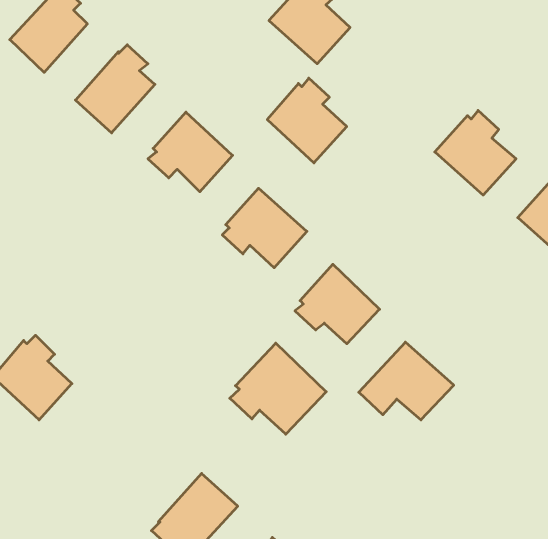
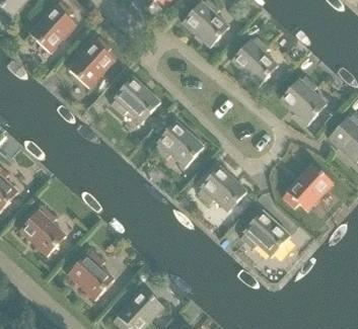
building: [267,78,347,163] -> [231,36,278,86]
building: none -> [282,164,333,211]
building: [230,343,326,434] -> none
building: none -> [67,250,114,300]

